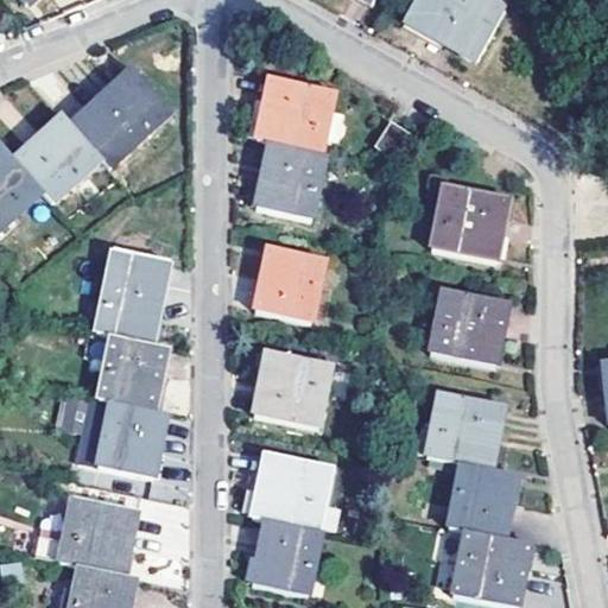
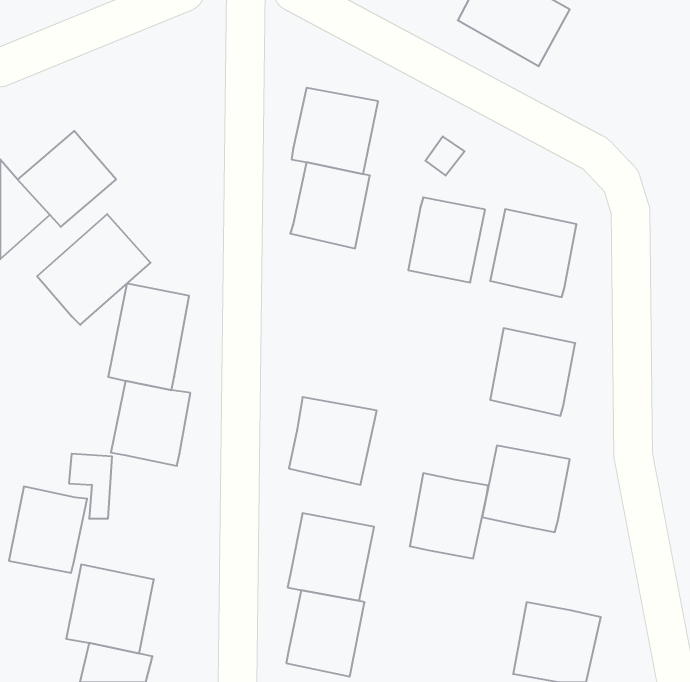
building: [71,68,171,165] -> [37,214,151,325]
building: [255,245,323,319] -> [408,197,485,282]
building: [97,400,166,476] -> [9,487,87,573]
building: [446,462,515,537] -> [410,473,488,558]

